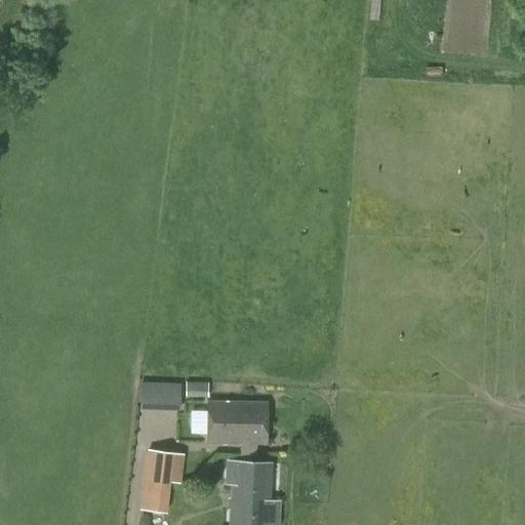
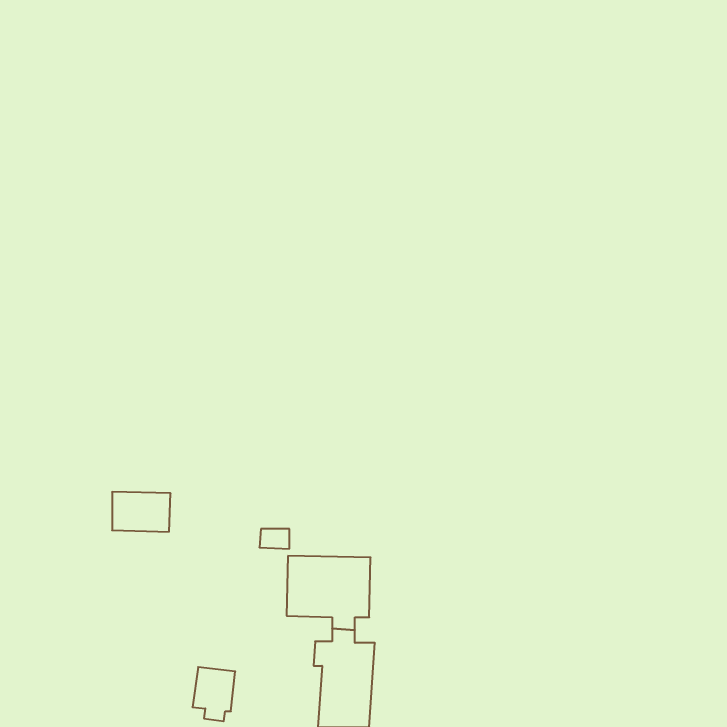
building: [139,381,181,410] -> [112,492,171,532]
building: [144,449,184,483] -> none

